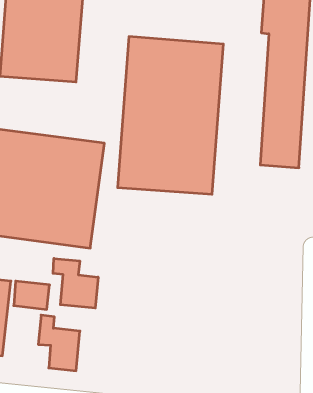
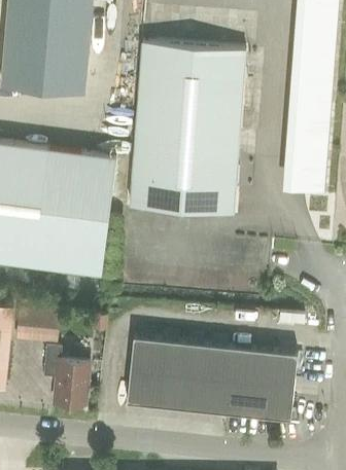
building: [53,258,98,308] -> none
building: none -> [127,339,297,422]

